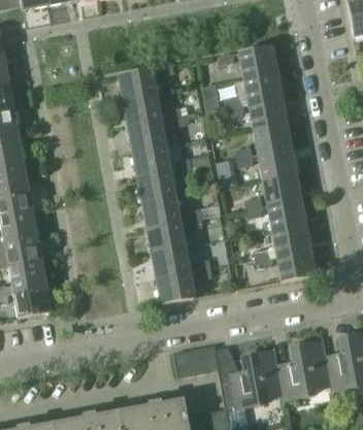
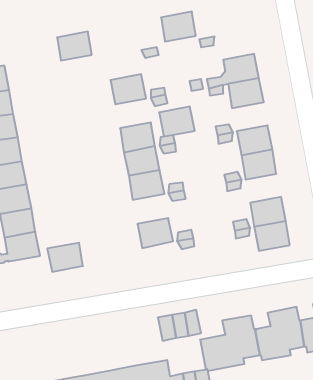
building: [239,44,276,76] -> [161,12,196,42]
building: [119,67,156,98] -> [57,32,92,61]
building: [128,118,166,150] -> [159,107,195,136]
building: [253,122,291,153] -> none
building: [267,198,305,229] -> none
building: [146,220,185,252] -> none
building: [157,270,195,302] -> none
building: [13,286,52,317] -> [47,243,83,272]

